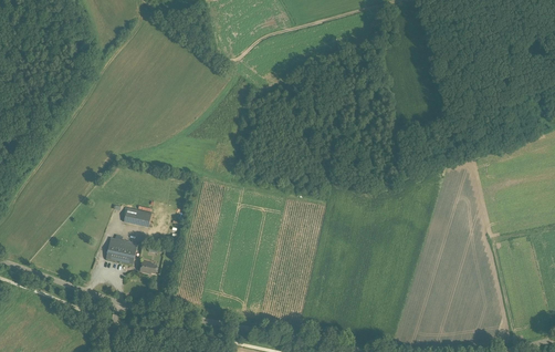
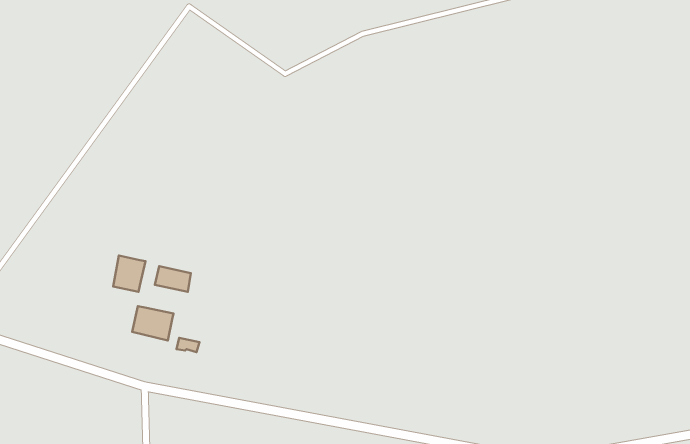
building: none -> [113,255,145,292]

